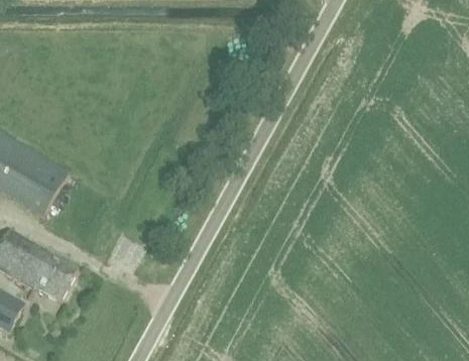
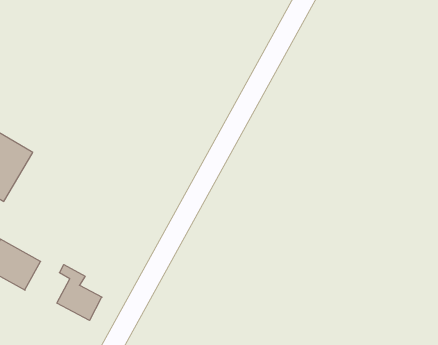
building: none -> [57,265,102,320]

